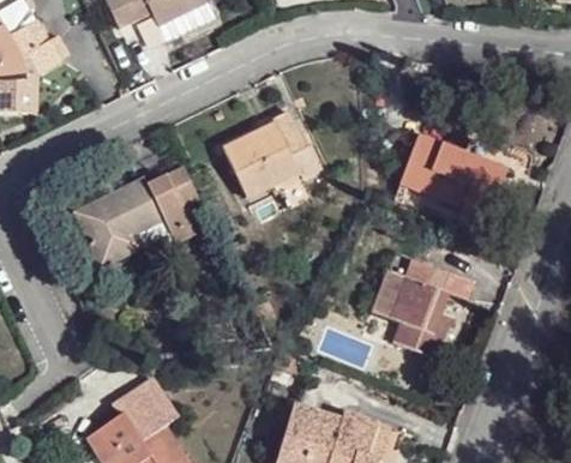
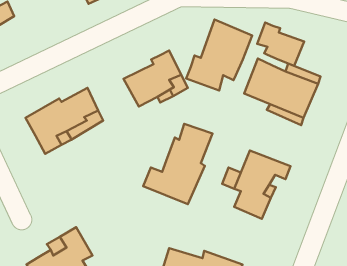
building: none -> [186,20,252,91]
building: none -> [257,23,304,66]
building: none -> [143,124,212,204]

